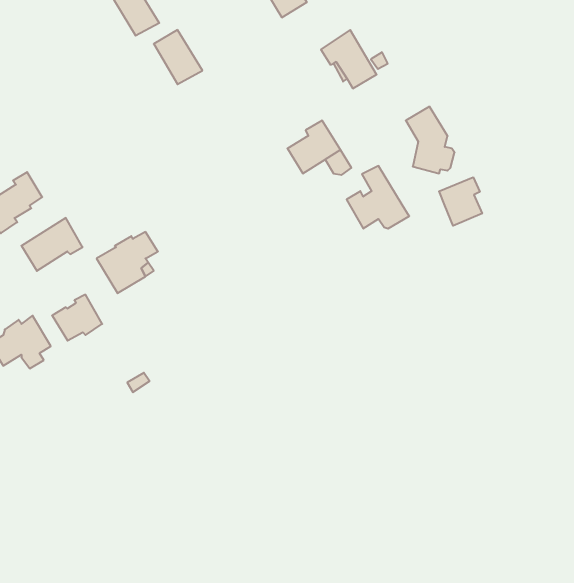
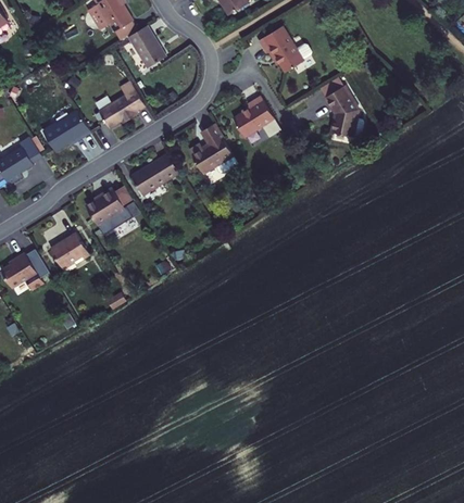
building: none -> [99,89,145,127]
building: [347,166,409,229] -> [189,125,238,174]
building: [439,177,482,226] -> none
building: none -> [131,153,179,196]
building: [21,218,83,271] -> [42,109,90,150]

